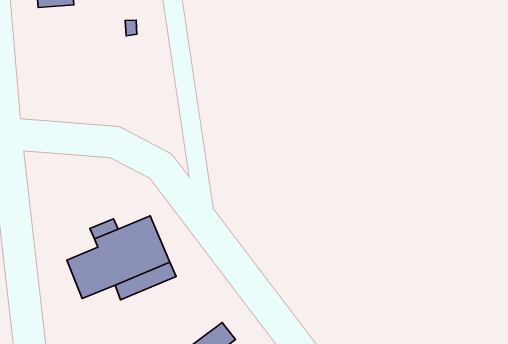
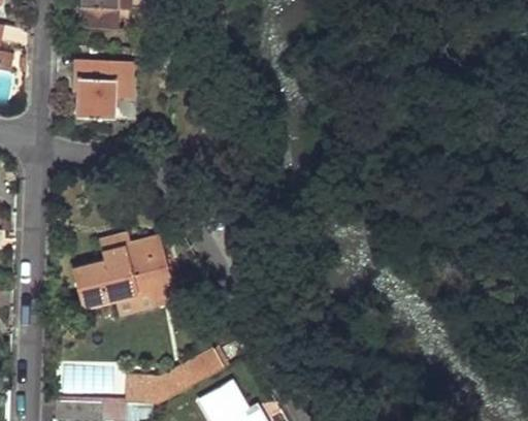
building: none -> [73,58,131,118]

